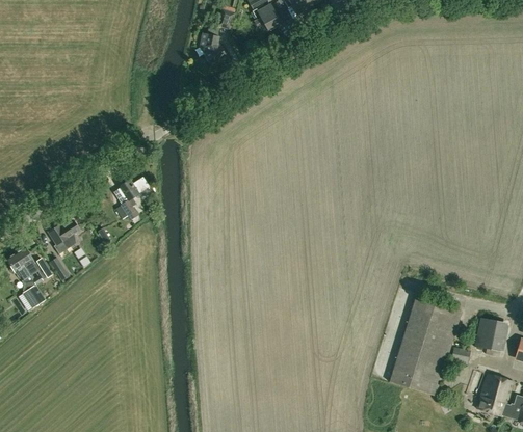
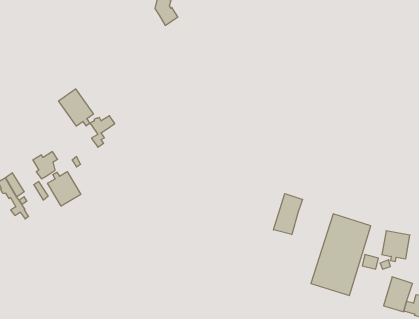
building: none -> [59,89,93,126]
building: none -> [48,172,81,206]
building: none -> [273,194,303,235]

